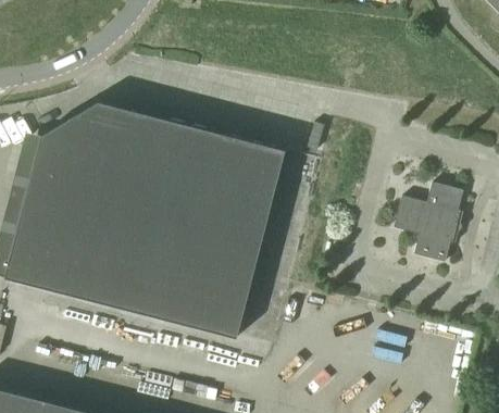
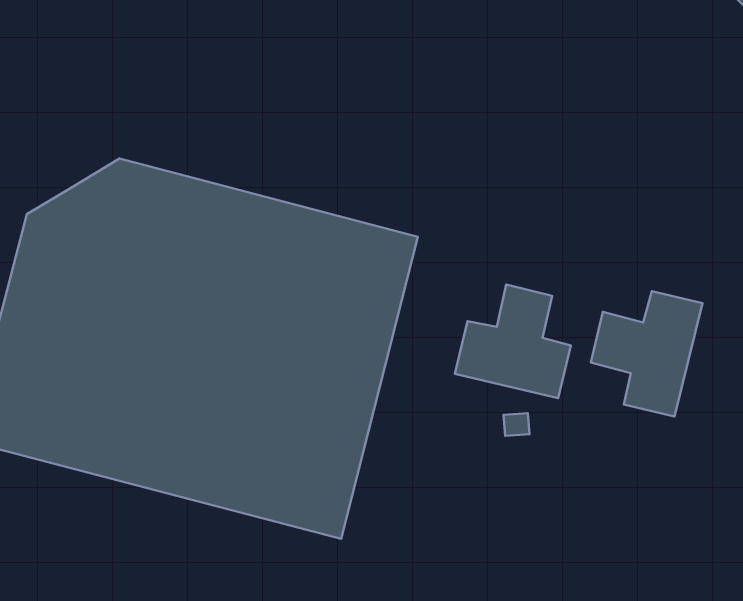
building: none -> [455,285,571,398]

